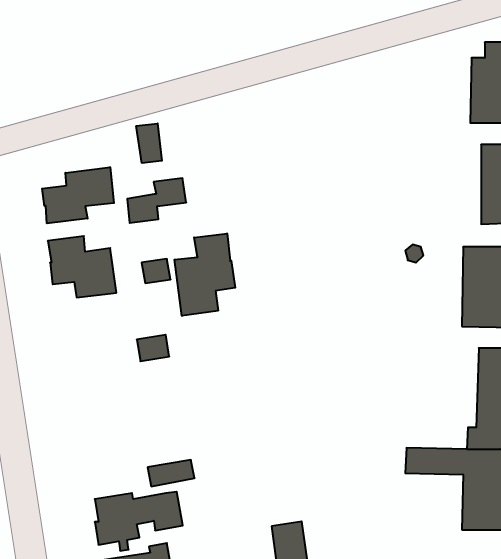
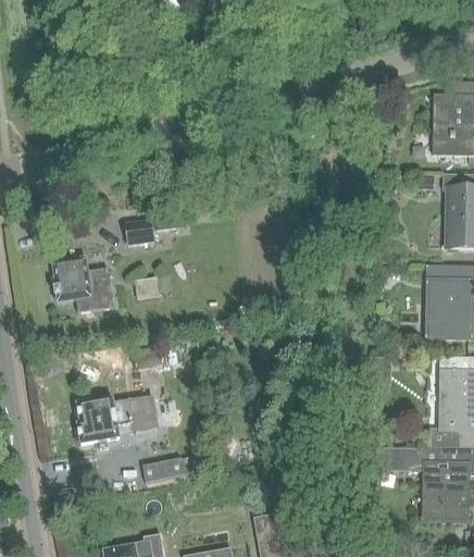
building: [136,123,162,163] -> none
building: [42,167,114,223] -> none
building: [174,233,235,316] -> none
building: [95,492,183,551] -> [78,396,158,449]

